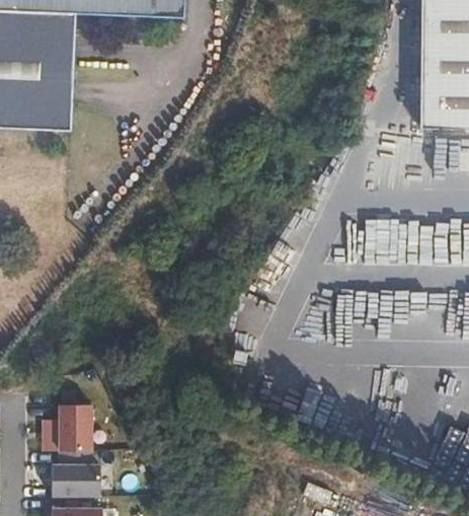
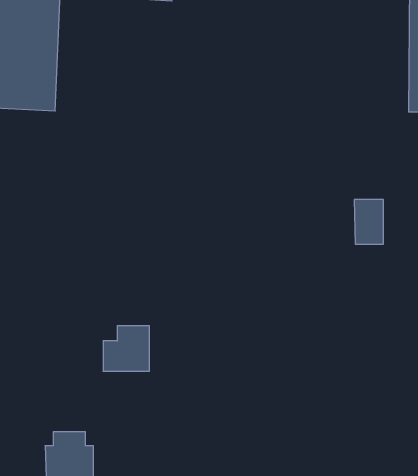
building: [49,406,95,451] -> [103,326,149,371]

